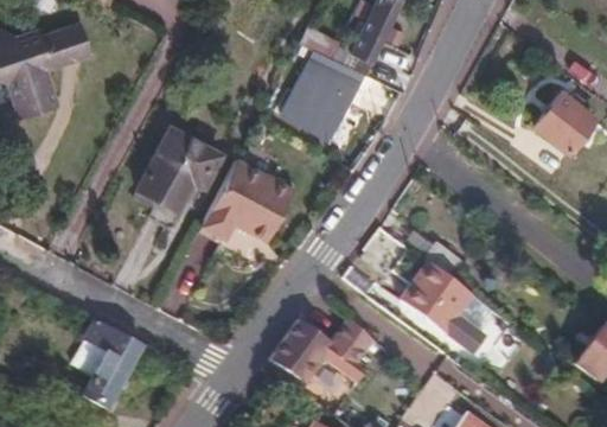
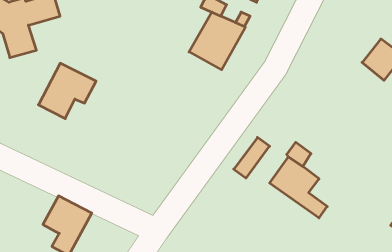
building: [138,128,222,209] -> [38,63,96,119]
building: [202,159,294,240] -> none
building: [271,318,372,383] -> none

